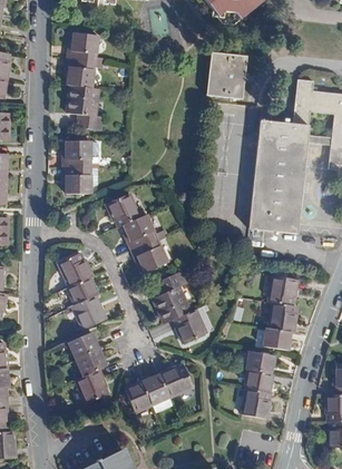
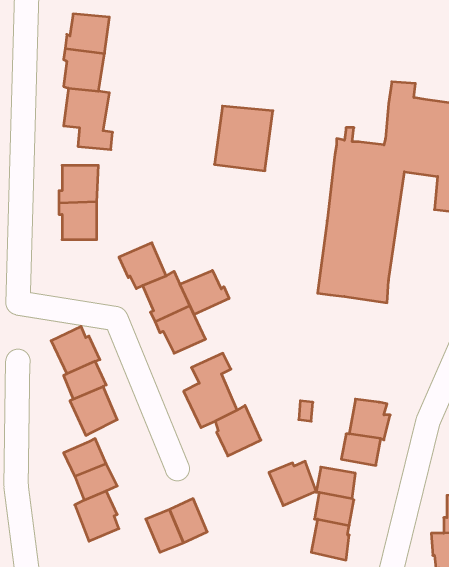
building: [207,48,248,94] -> [214,106,273,171]
building: none -> [180,270,229,314]
building: [268,275,299,305] -> none
building: [159,365,193,397] -> [269,461,316,506]

